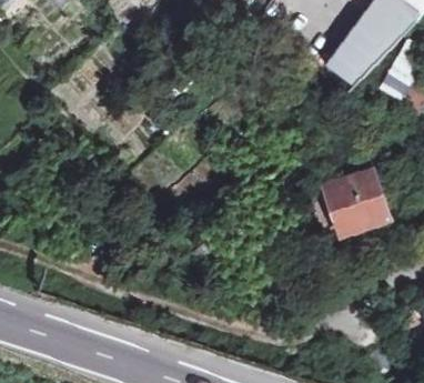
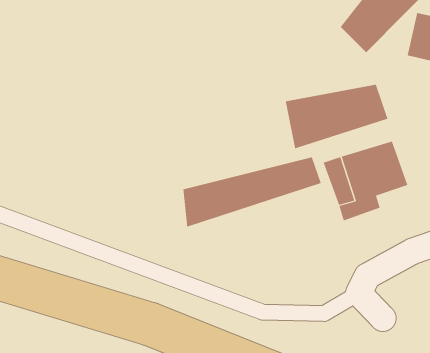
building: none -> [285,84,388,149]
building: none -> [183,157,322,227]

